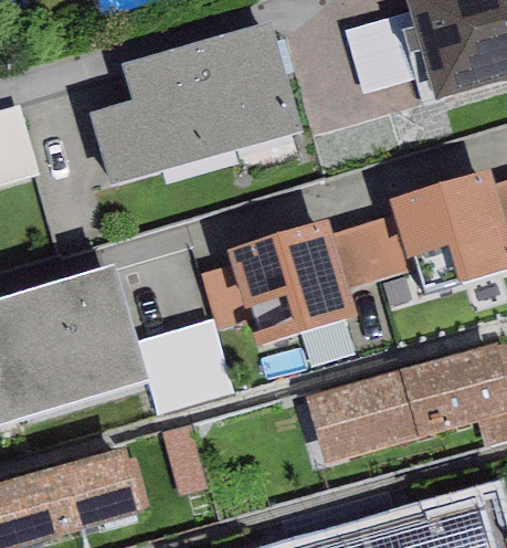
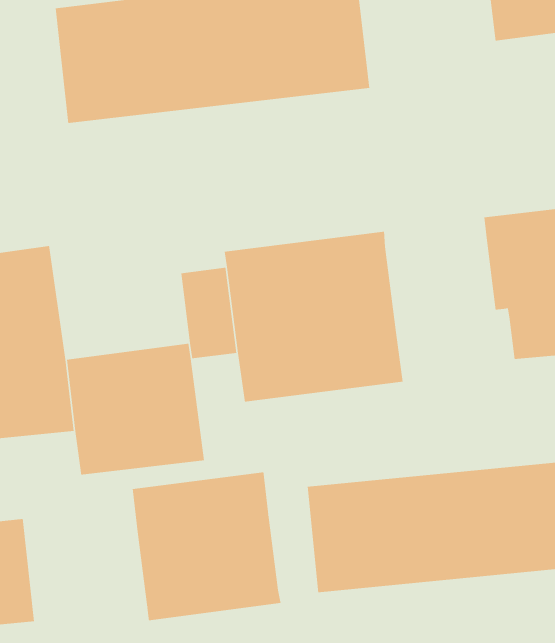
building: [328,212,415,285] -> none
building: none -> [132,472,281,621]

